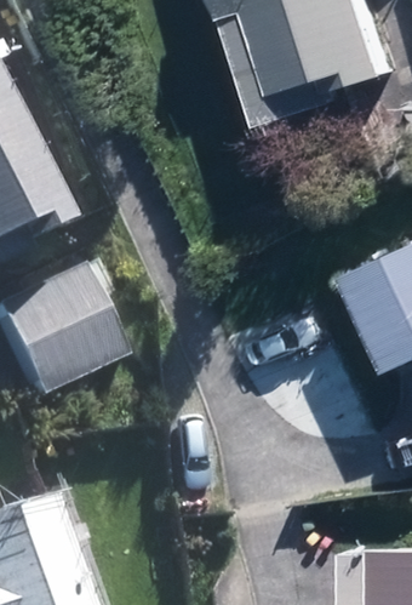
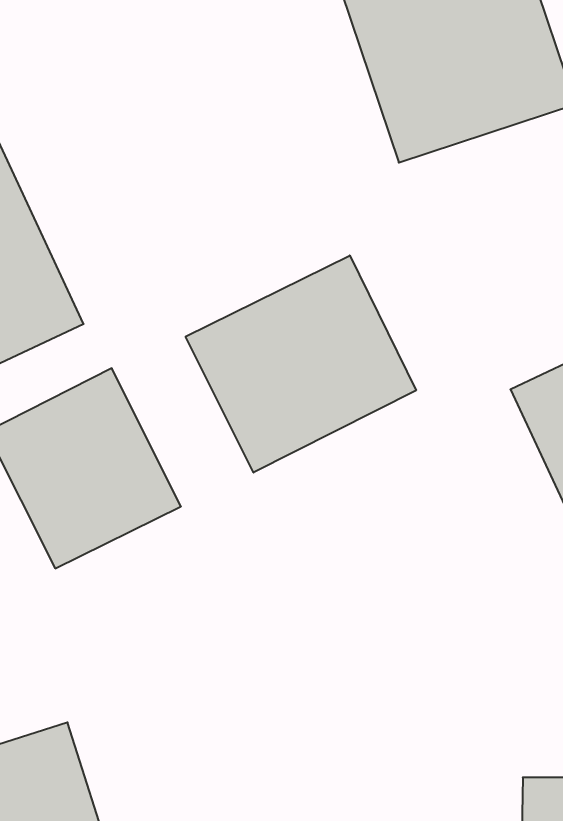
building: none -> [186,255,416,473]

